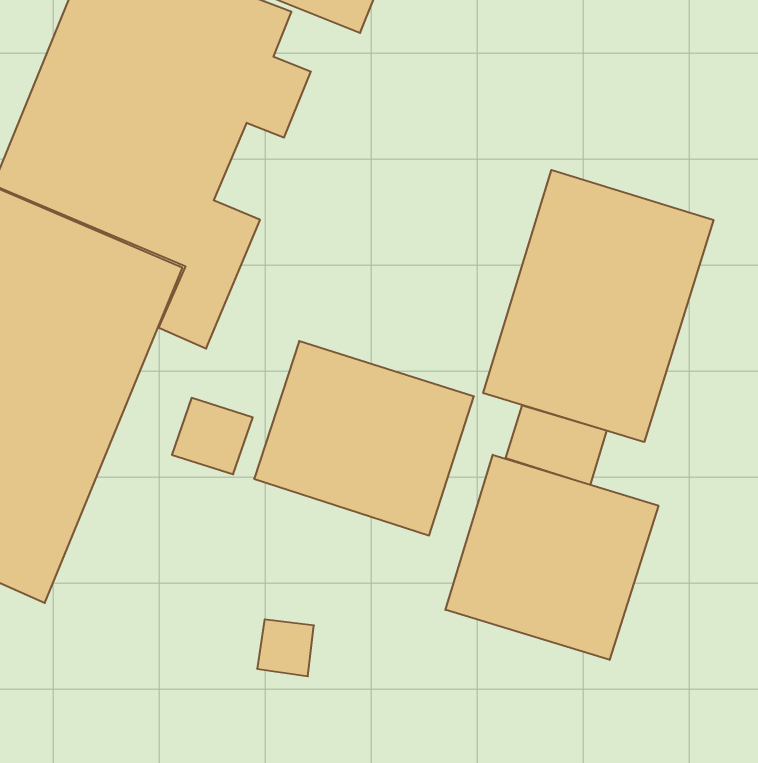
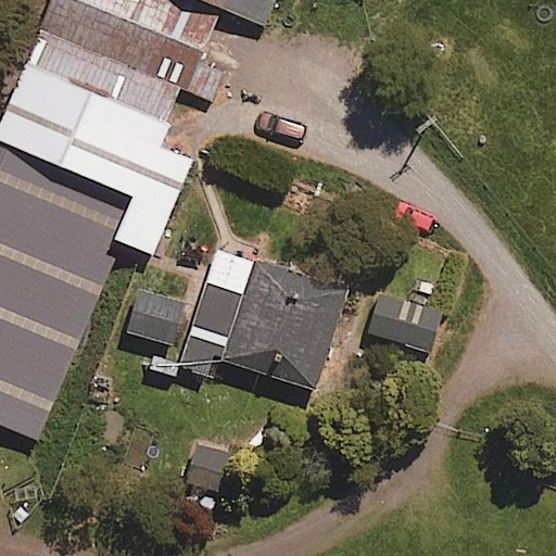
building: [483,170,714,442] -> none
building: [445,455,658,660] -> none

